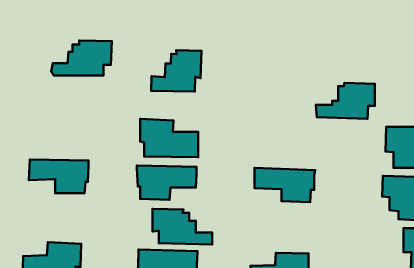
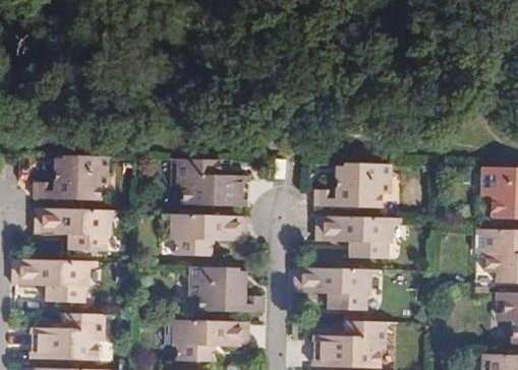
building: [51,40,112,75] -> [33,153,108,197]
building: [151,50,202,92] -> none
building: [316,83,375,119] -> [318,163,391,207]
building: none -> [13,258,88,300]
building: none -> [295,268,372,311]

